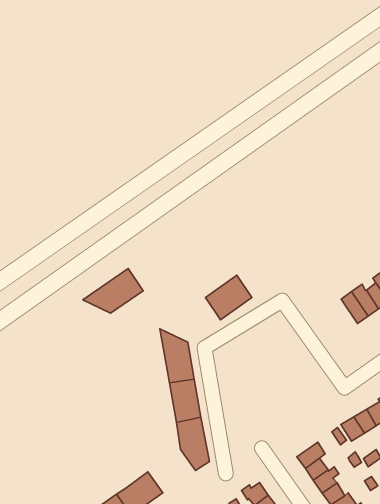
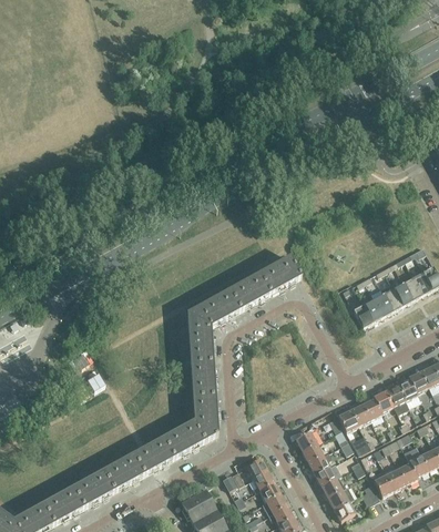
building: none -> [261,256,302,293]
building: [83,268,143,313] -> [187,288,242,326]
building: none -> [163,420,205,457]

